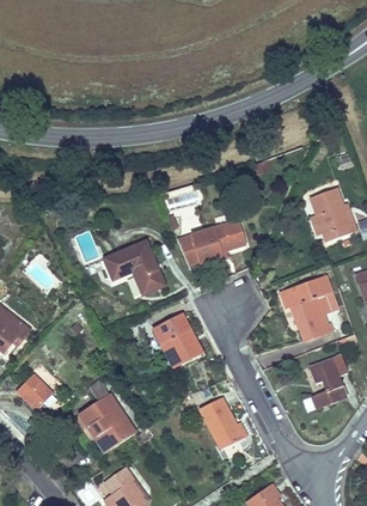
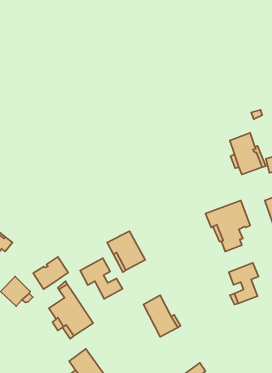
building: [178,220,245,264] -> none
building: [104,239,165,293] -> none
building: none -> [33,257,68,289]
building: none -> [80,258,122,299]

